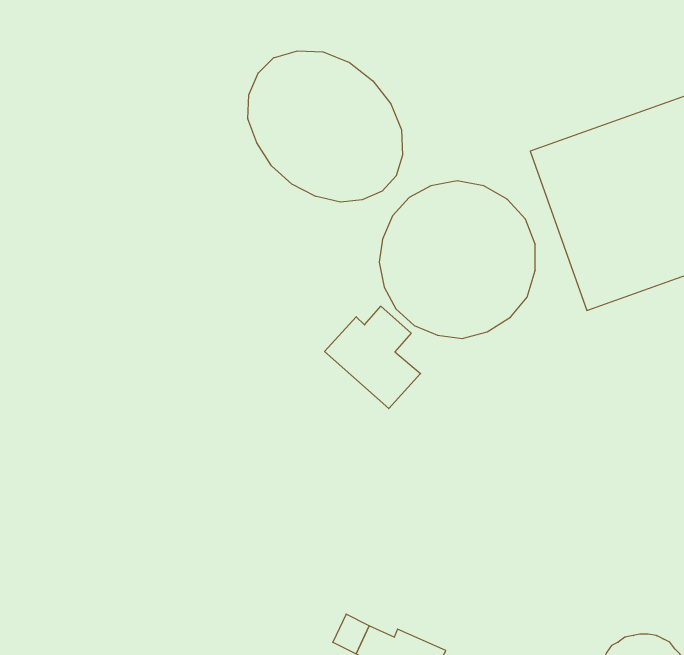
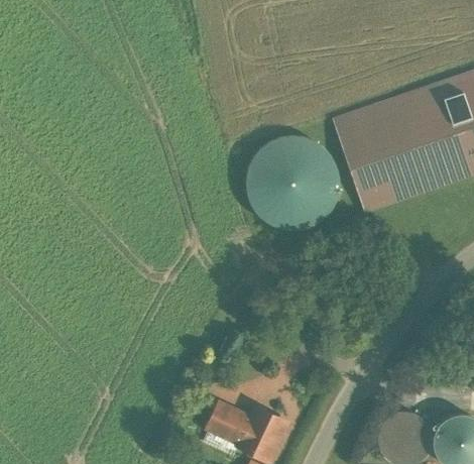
building: [248,51,403,202] -> none
building: [325,306,421,409] -> none

